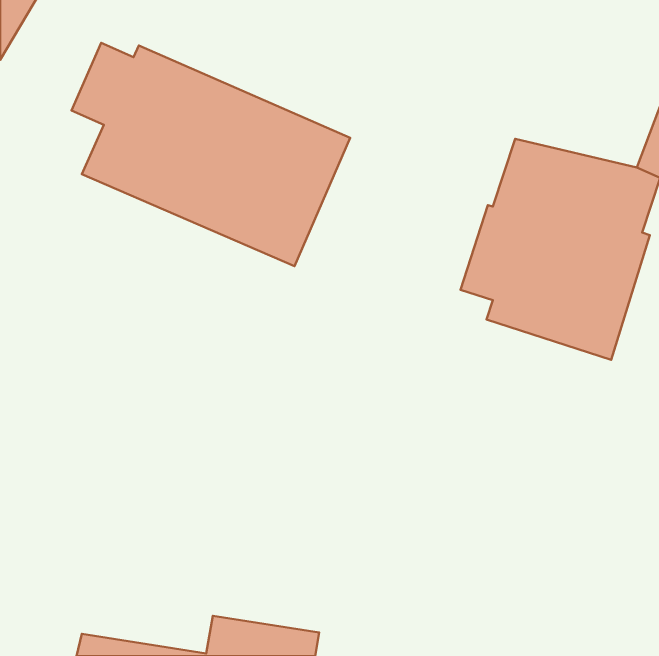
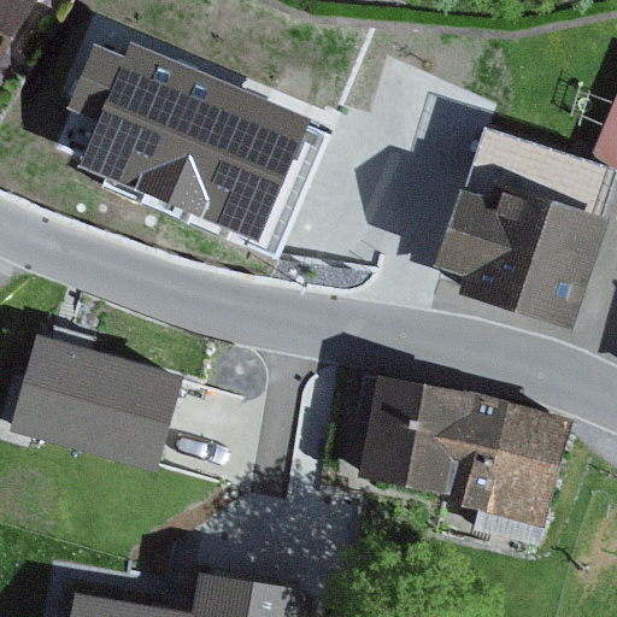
building: none -> [11,340,183,468]
building: none -> [355,377,569,545]

